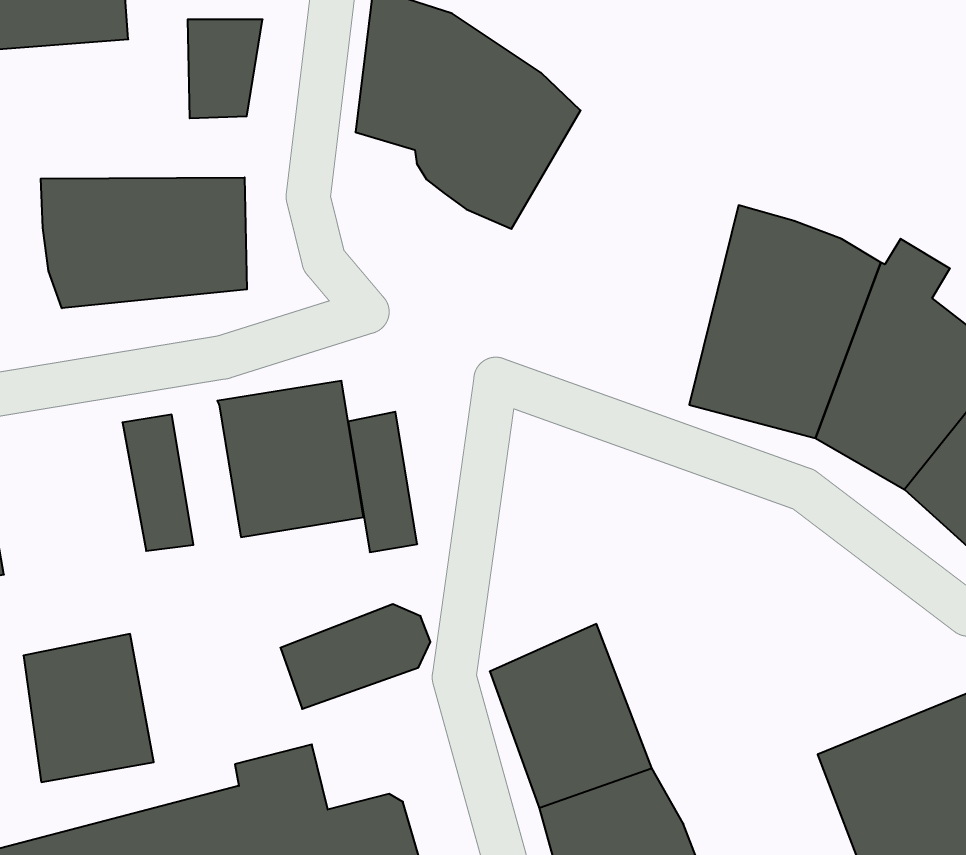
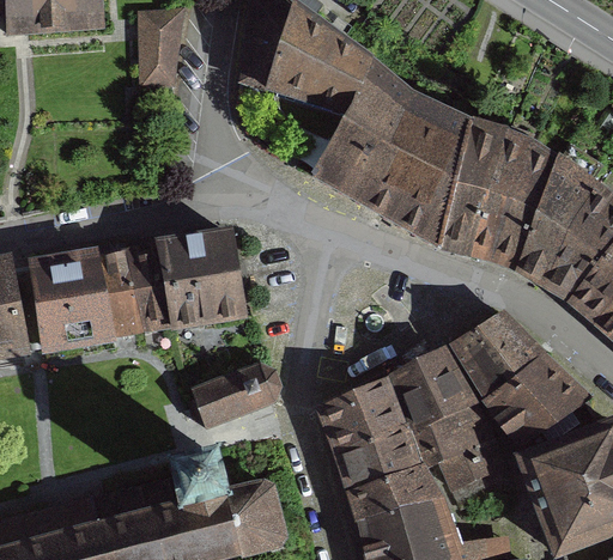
building: none -> [314,68,473,246]
building: [41,177,247,308] -> none
building: [348,412,417,552] -> [129,246,171,331]
building: none -> [455,315,593,445]
building: none -> [393,352,511,506]
building: [23,634,154,782] -> [35,257,114,347]

